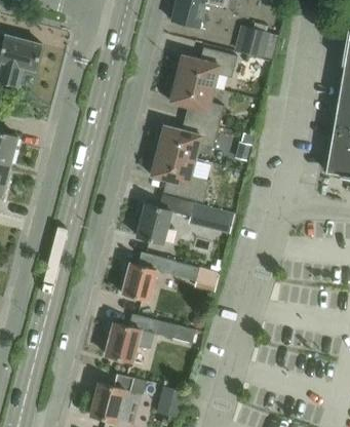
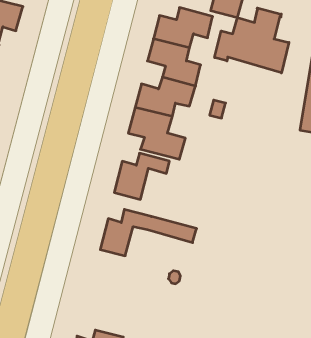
building: none -> [215,8,289,73]
building: [188,202,232,233] -> none
building: [106,316,195,363] -> none

